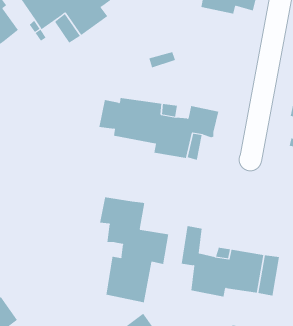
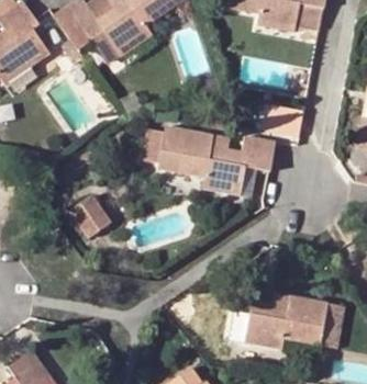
building: none -> [258,99,307,136]
building: none -> [67,193,109,236]
building: [99,196,169,303] -> none

